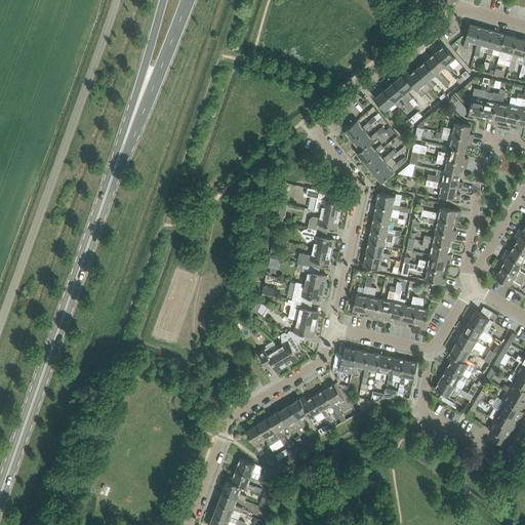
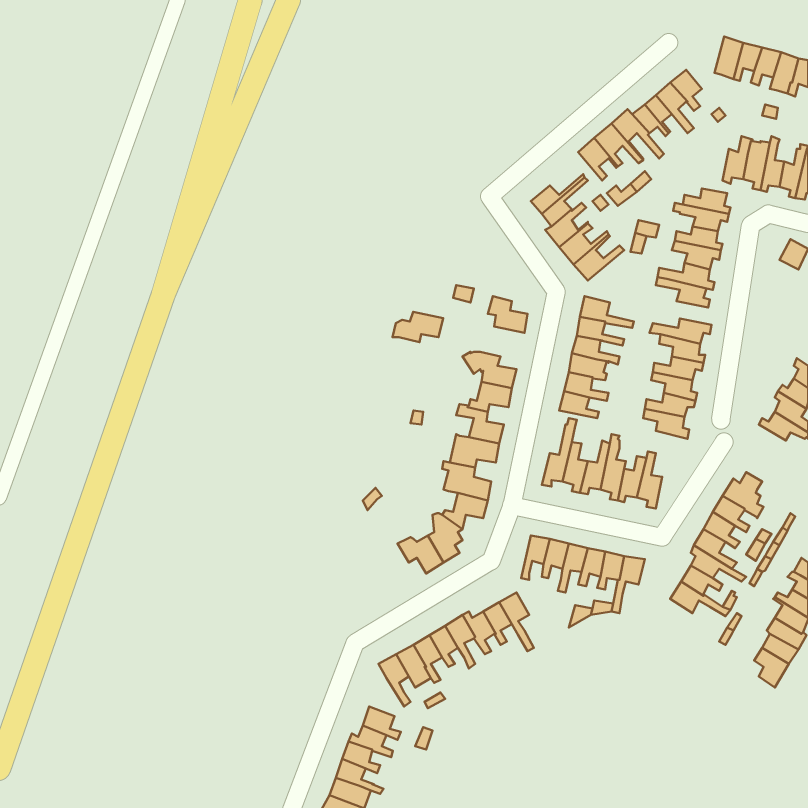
building: [307,212,339,232] -> [393,312,443,342]

